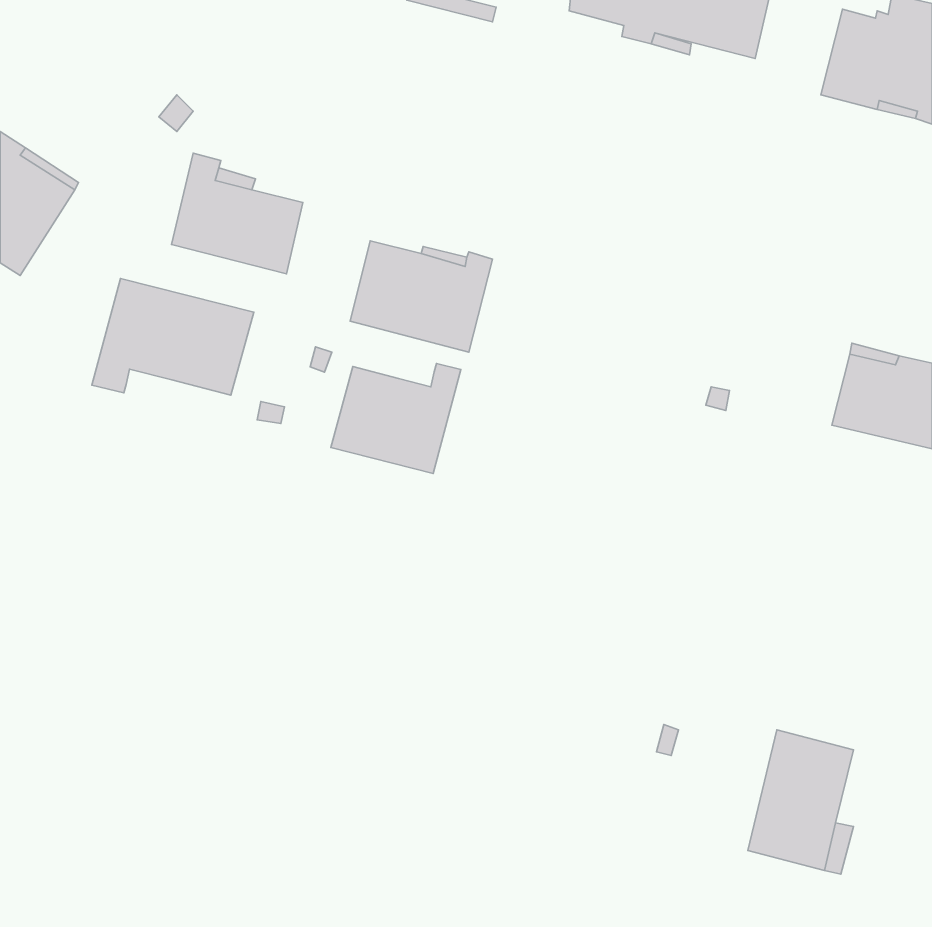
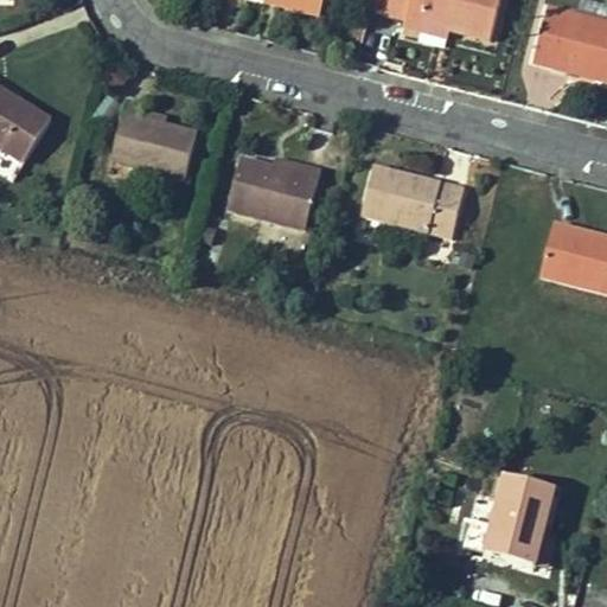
building: none -> [362,165,465,237]
building: [92,278,254,395] -> none
building: [331,364,461,474] -> none

